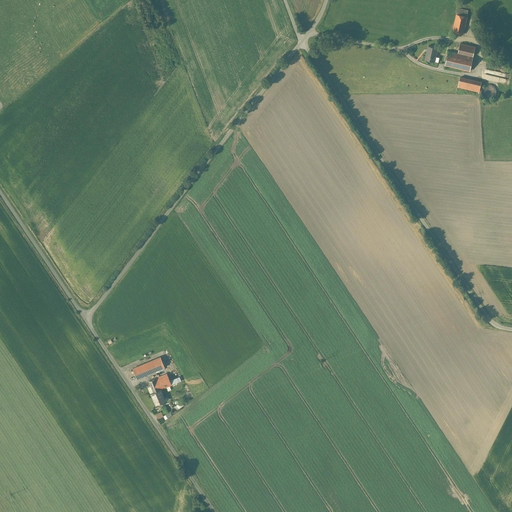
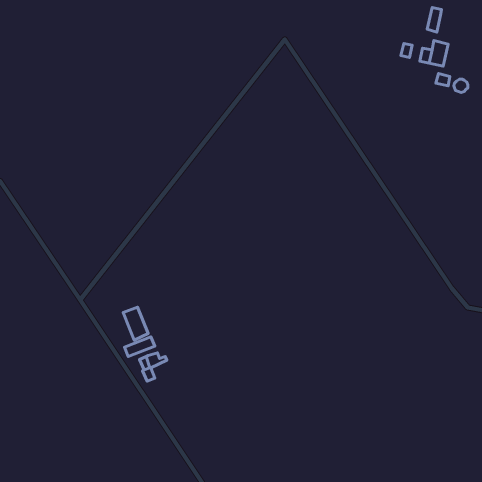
building: none -> [123,307,148,340]

